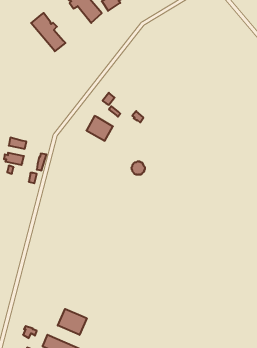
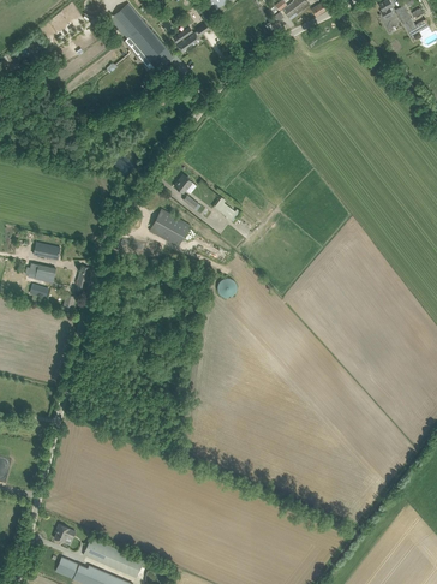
building: [31,13,65,51] -> none
building: [58,309,87,335] -> none

